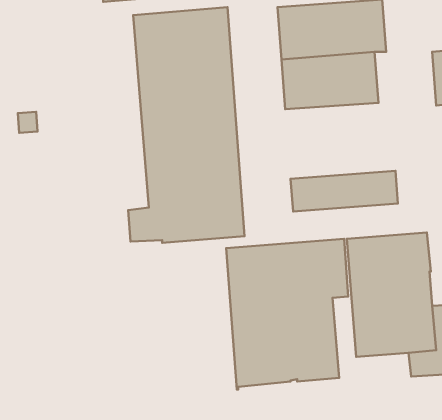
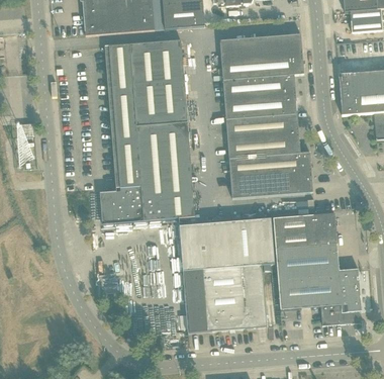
building: none -> [225,113,310,172]

